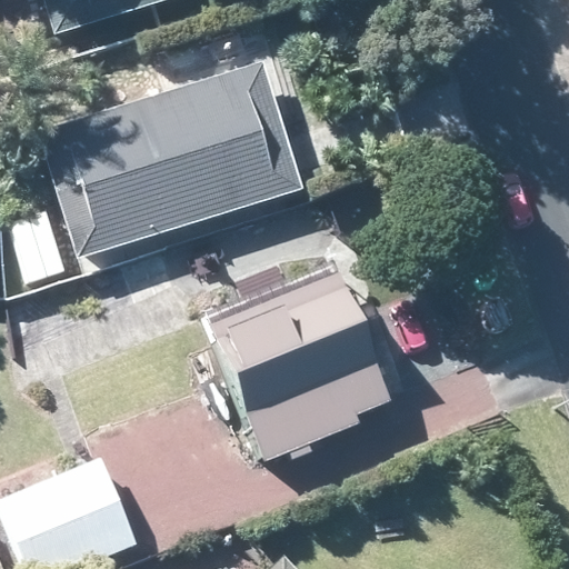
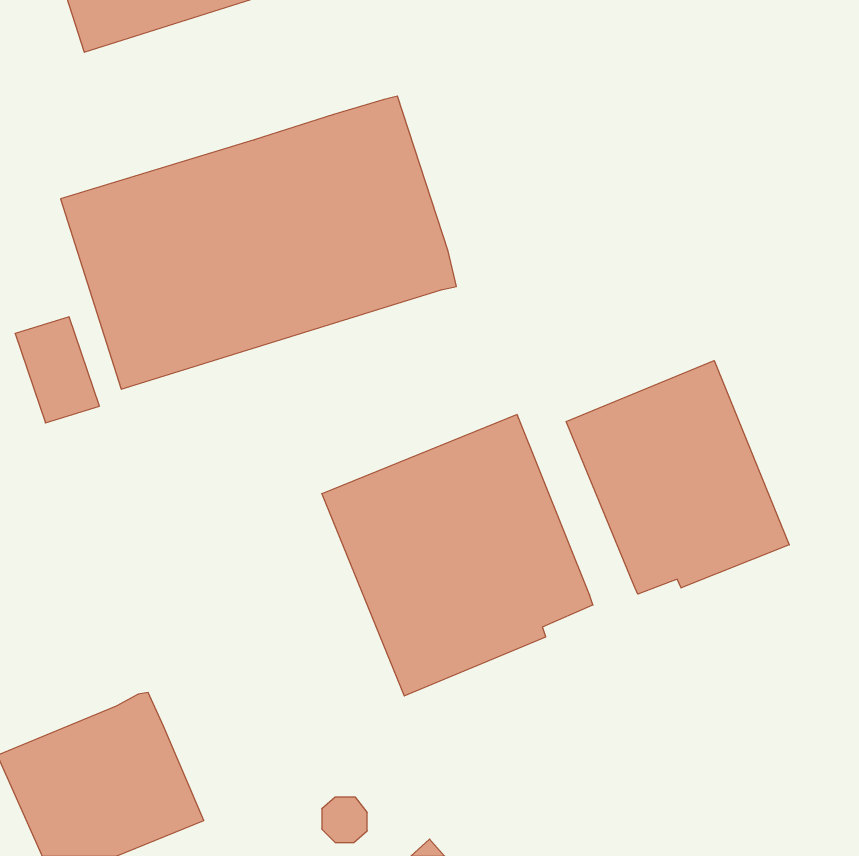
building: none -> [566,361,789,594]

